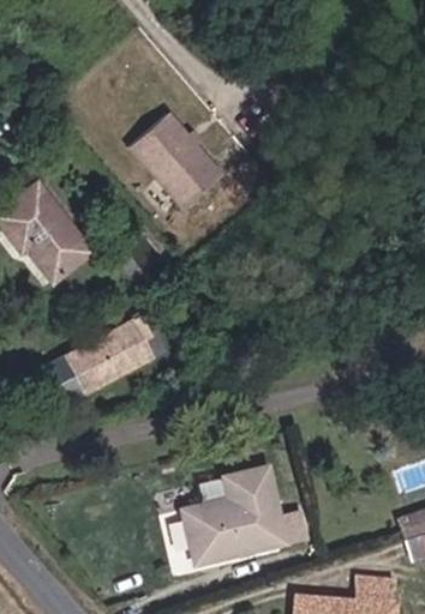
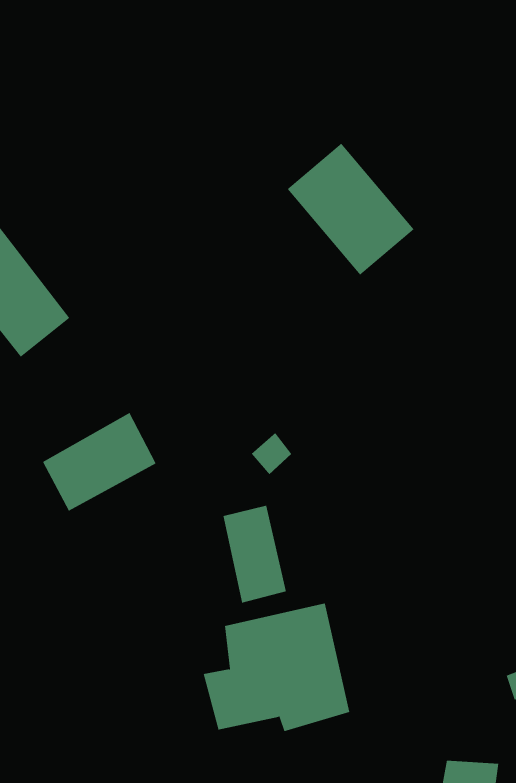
building: [130,110,222,206] -> [287,143,414,275]
building: none -> [223,505,287,604]

